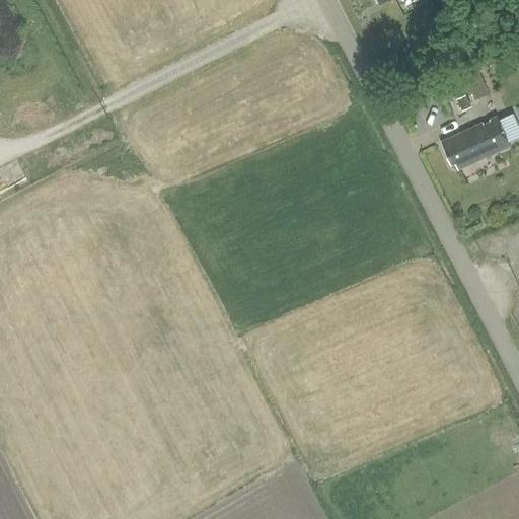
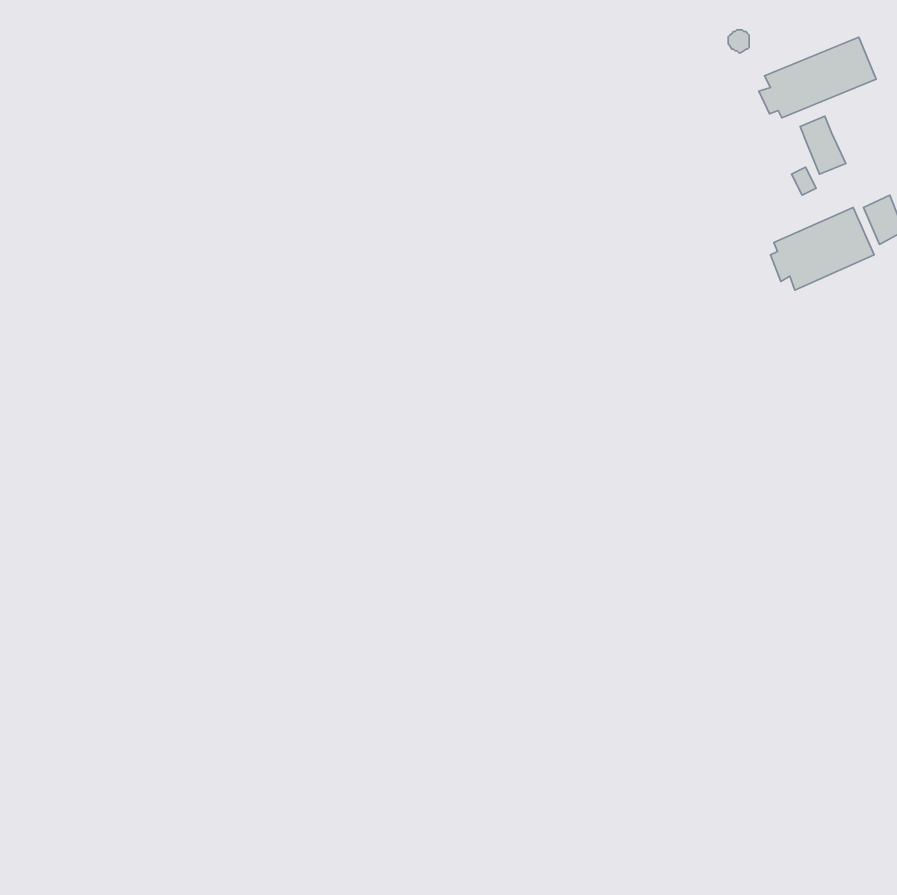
building: none -> [759,37,876,118]

